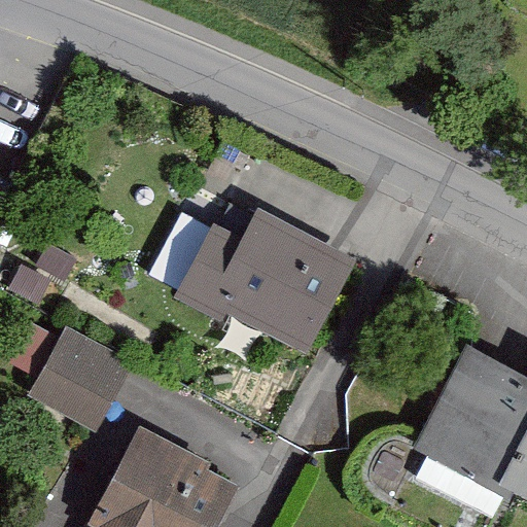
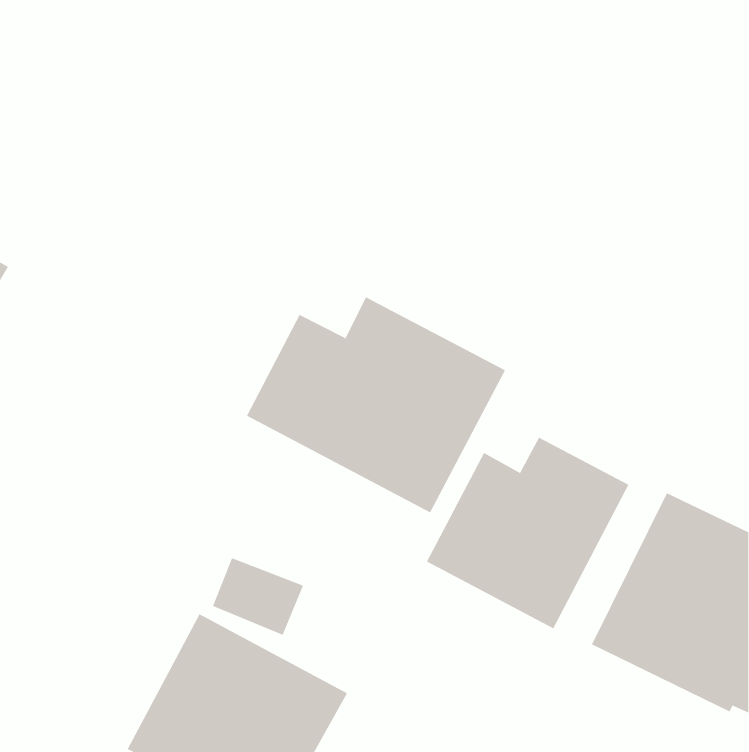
building: none -> [426,437,629,629]
building: [11,322,133,430] -> none

